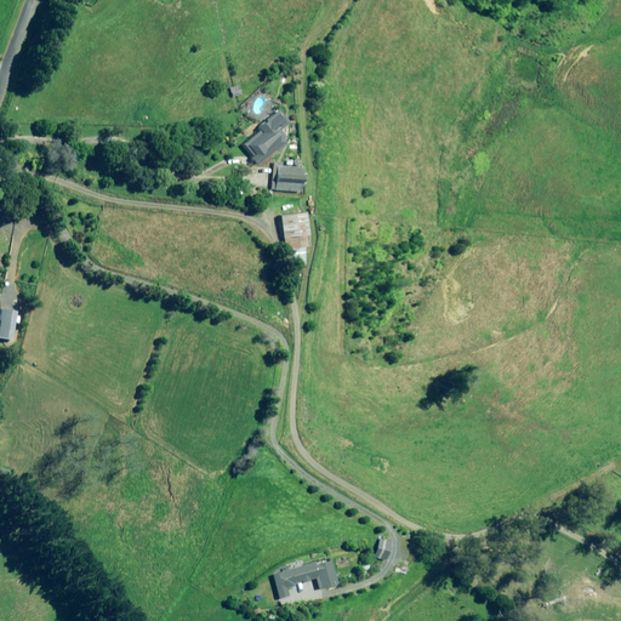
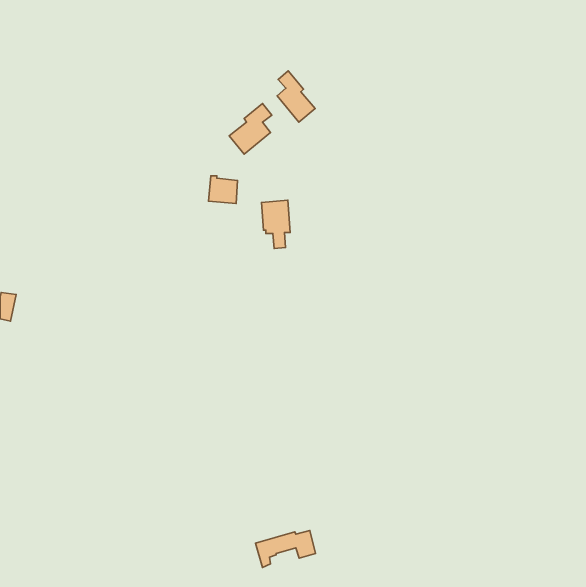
building: none -> [277,71,315,122]
building: [273,161,303,190] -> [209,176,237,204]

